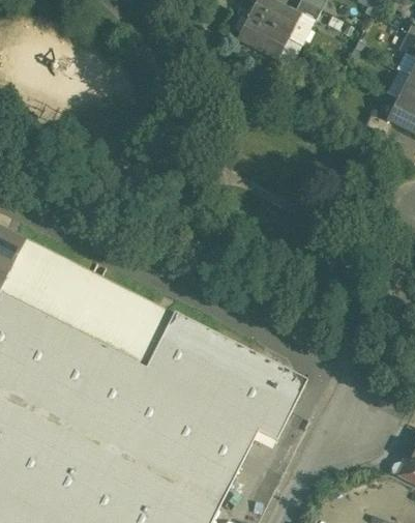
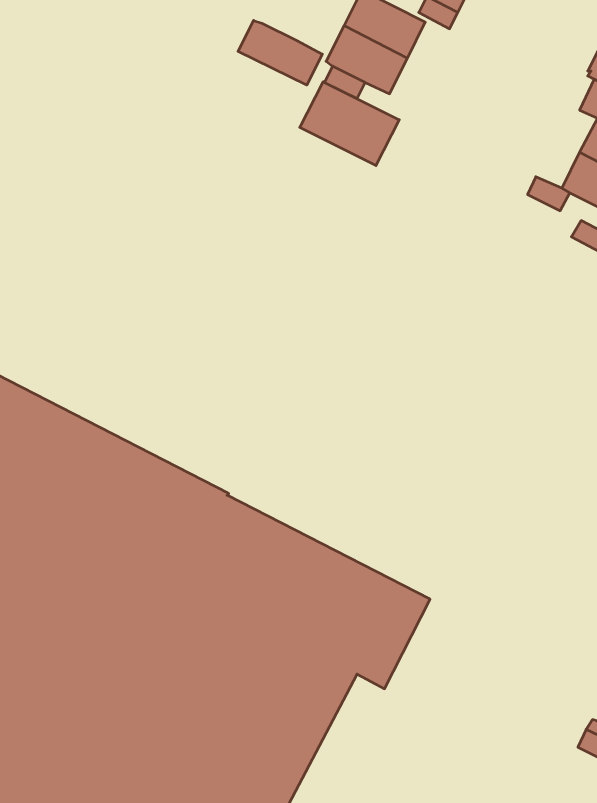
building: none -> [238,20,322,85]
building: none -> [300,82,399,166]

